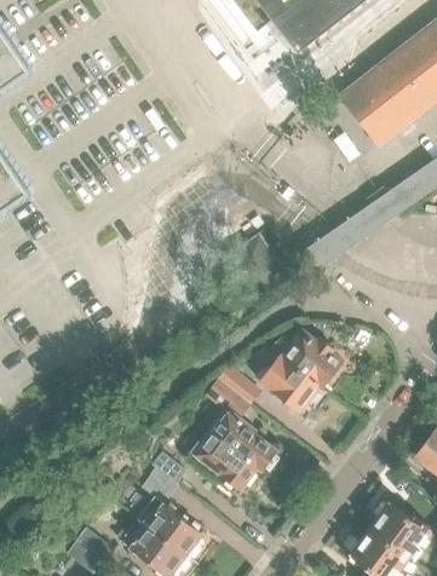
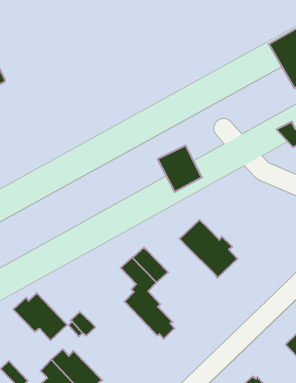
building: [254,356,317,411] -> none
building: [188,434,255,489] -> [13,293,67,340]

